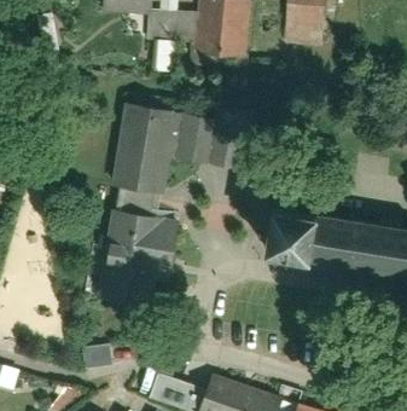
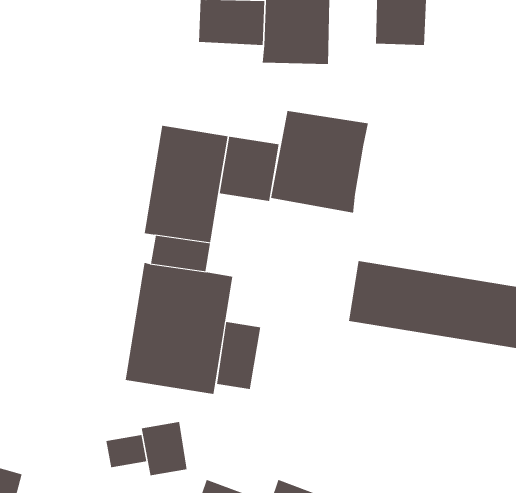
building: none -> [270,110,369,214]
building: none -> [216,321,261,390]
building: none -> [141,421,187,476]

